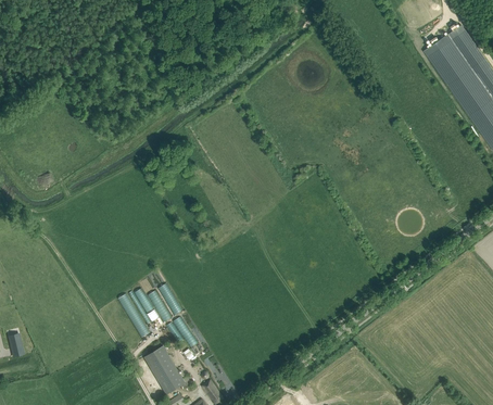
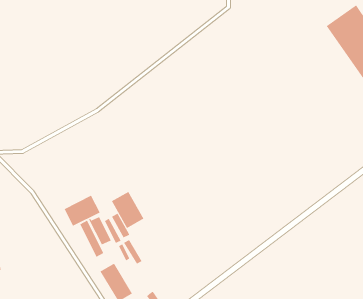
building: none -> [111,191,144,229]
building: none -> [64,195,100,227]

